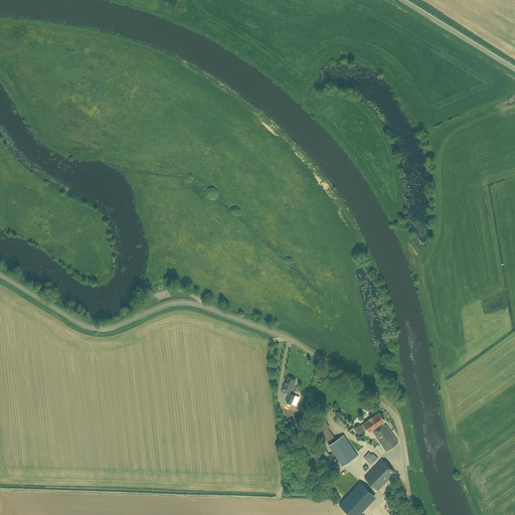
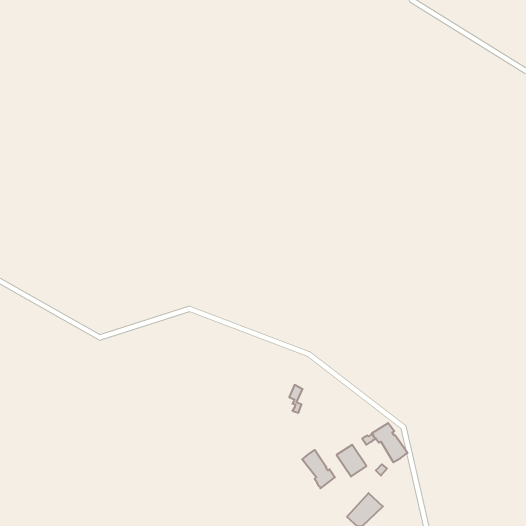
building: none -> [302,450,335,488]
building: [365,460,395,490] -> none

